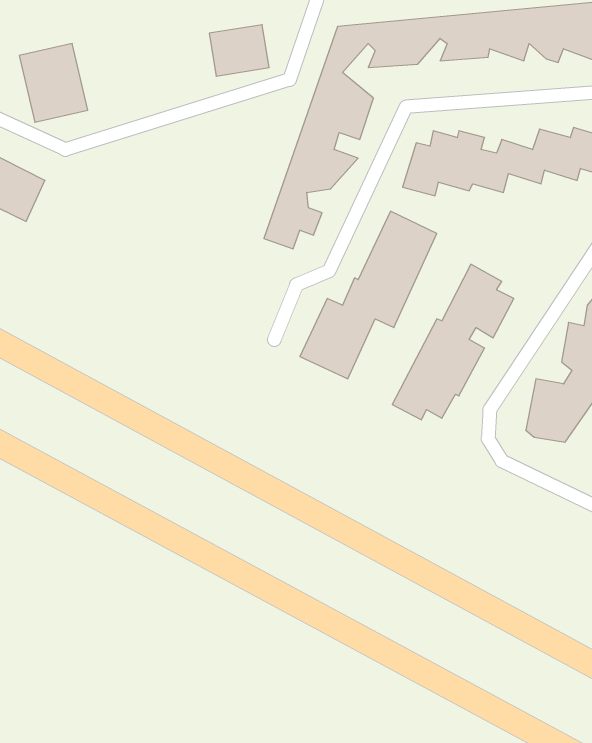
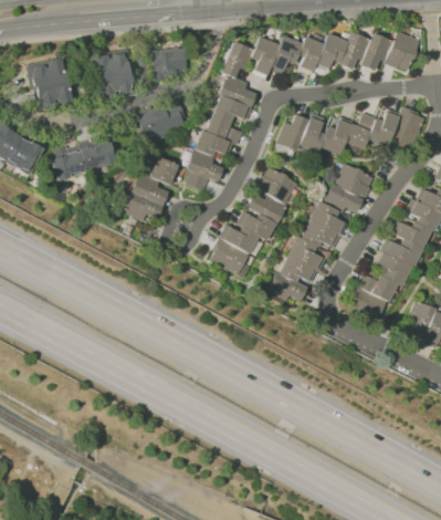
building: none -> [93,50,132,97]
building: none -> [133,100,189,144]
building: none -> [50,137,117,179]
building: none -> [124,156,179,223]
building: none -> [325,162,374,214]

